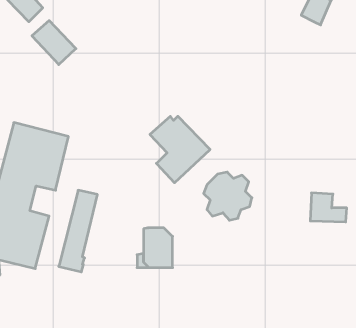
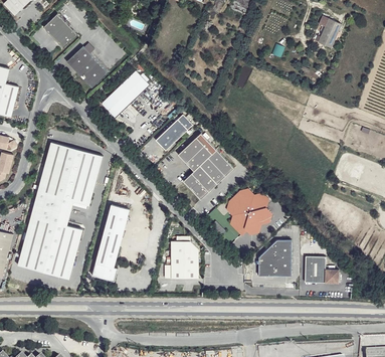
building: none -> [101,68,150,117]
building: none -> [155,113,192,149]
building: [310,193,347,222] -> [305,254,339,282]
building: none -> [258,238,292,276]

